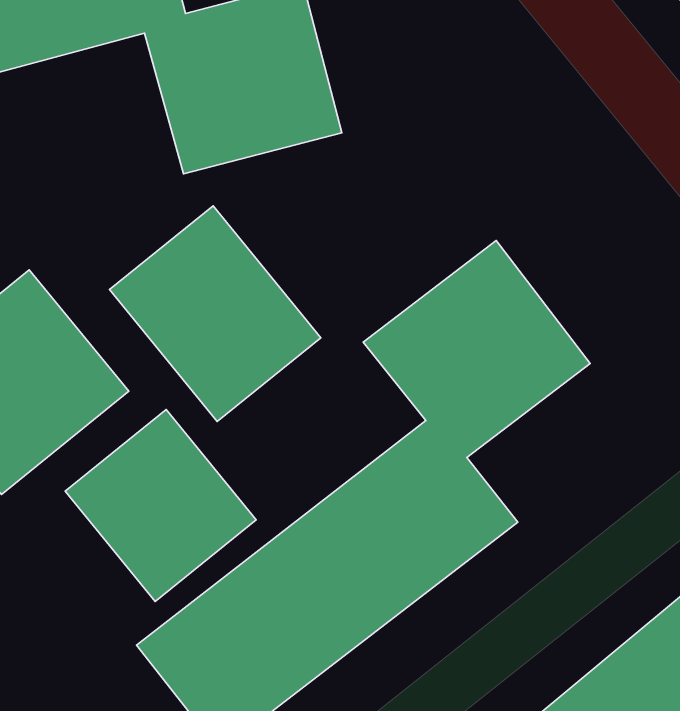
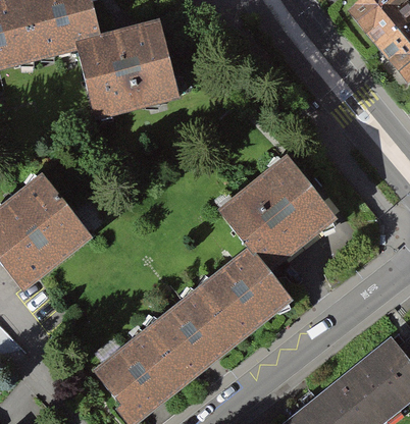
building: [109,206,321,422] -> none
building: [65,410,256,602] -> none

